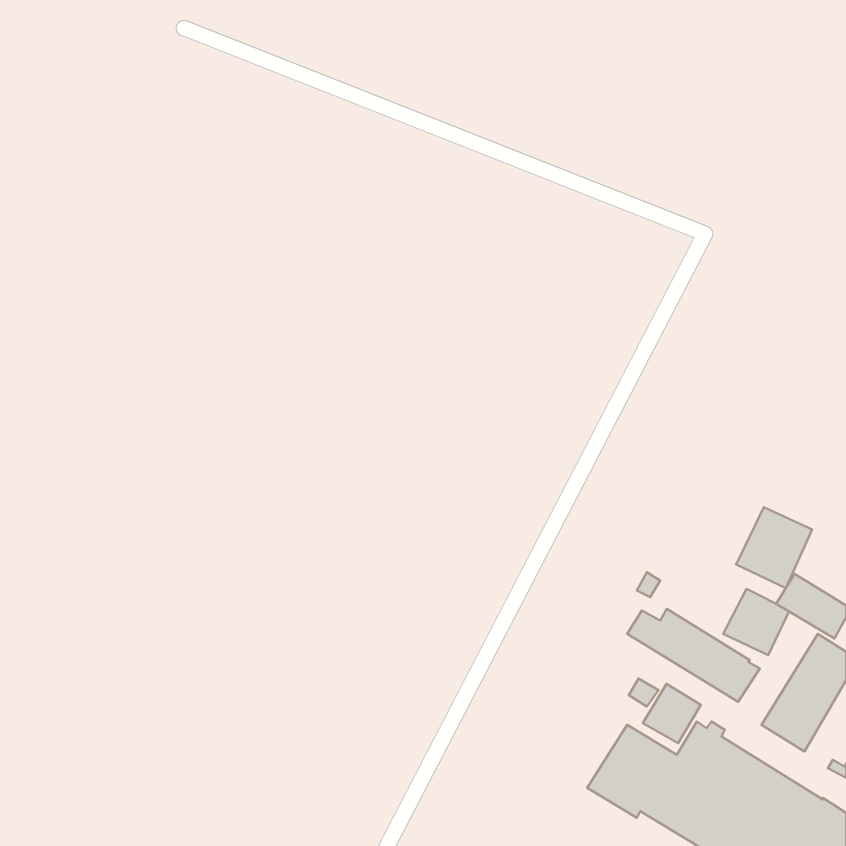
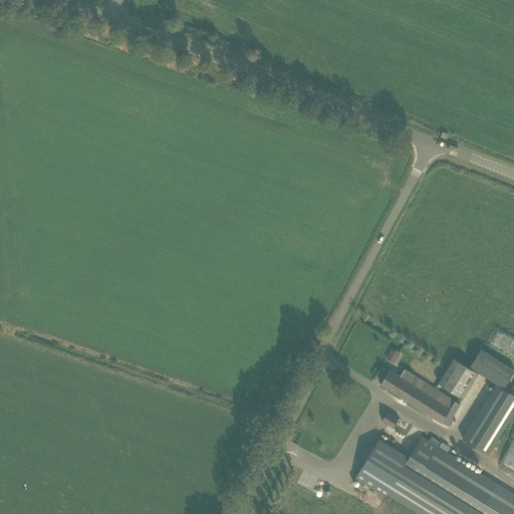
building: [736,507,812,588] -> none
building: [643,684,701,743] -> none

